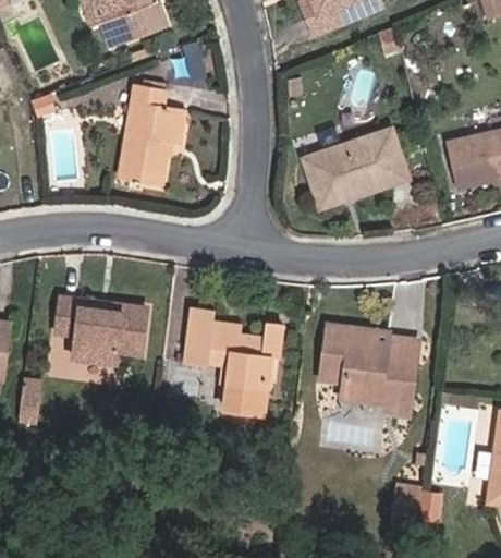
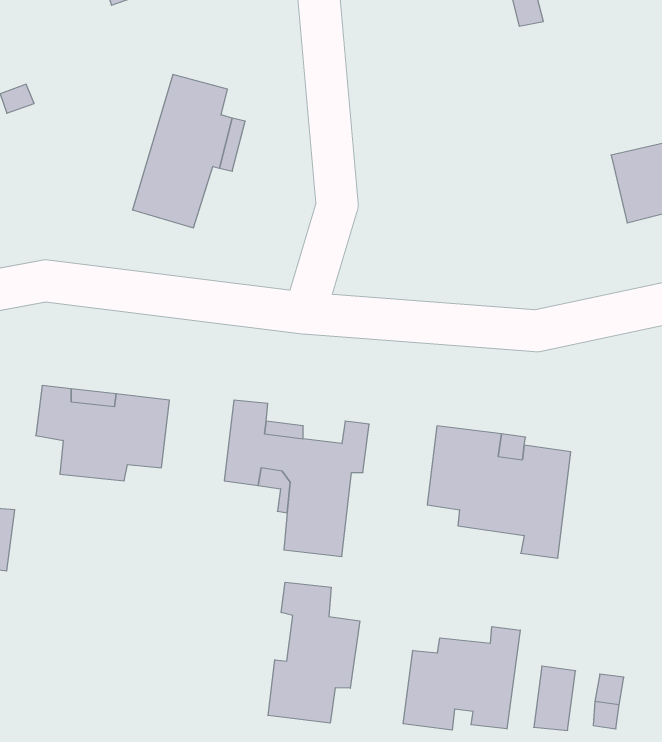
building: [297,130,404,208] -> none
building: none -> [268,582,360,723]
building: none -> [403,627,520,730]

